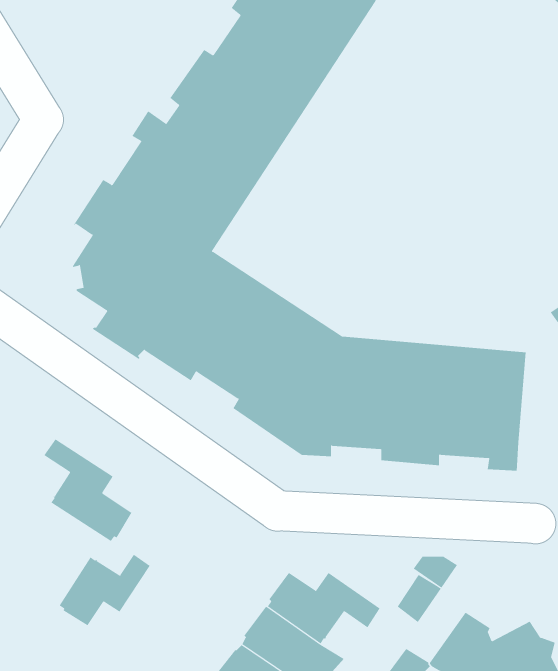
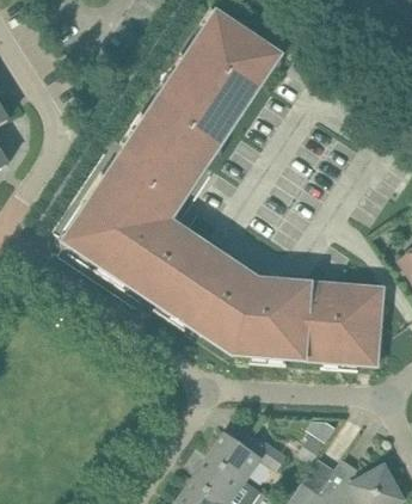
building: [43,438,132,542] -> none
building: [59,554,150,626] -> none

